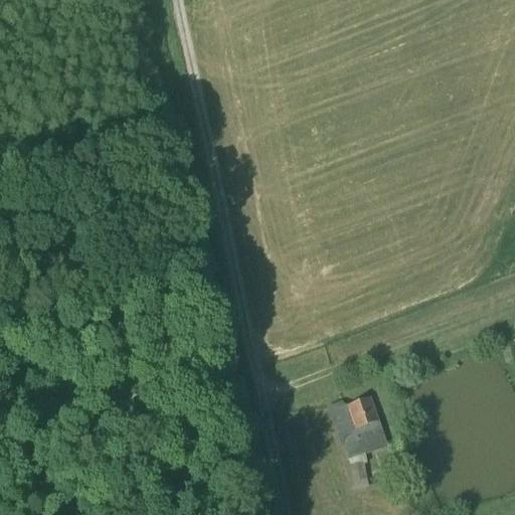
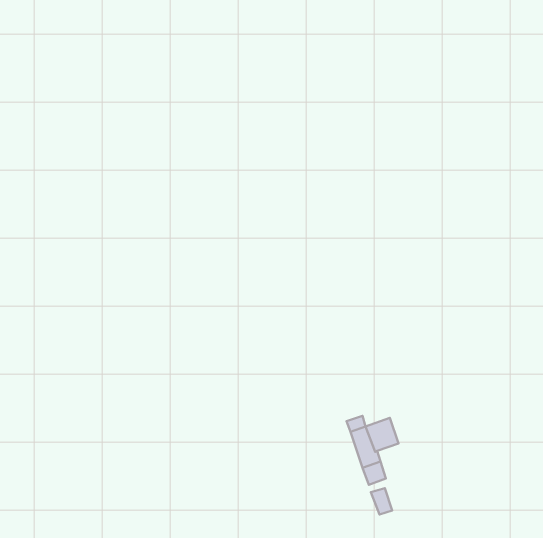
building: [357,419,386,453] -> none

